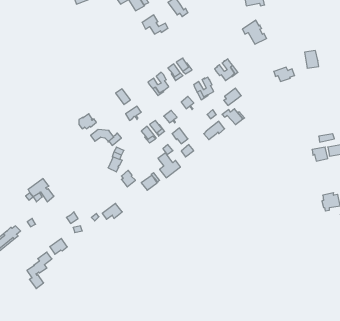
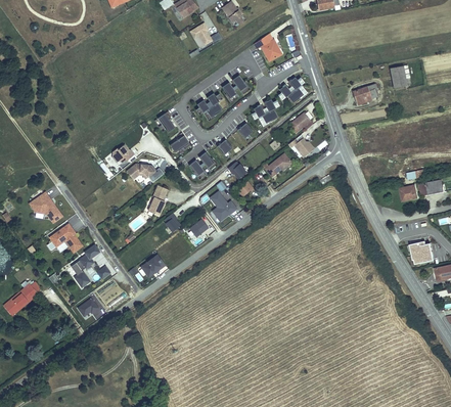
building: [242,20,267,44] -> [254,32,283,61]
building: none -> [35,191,62,222]
building: [27,252,52,289] -> [71,242,101,287]

